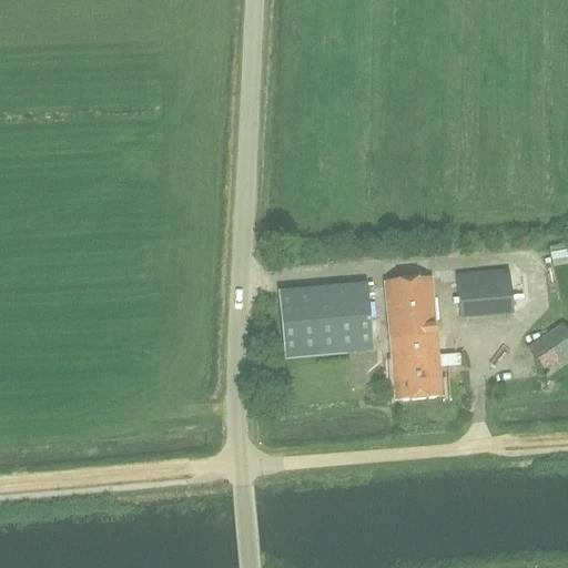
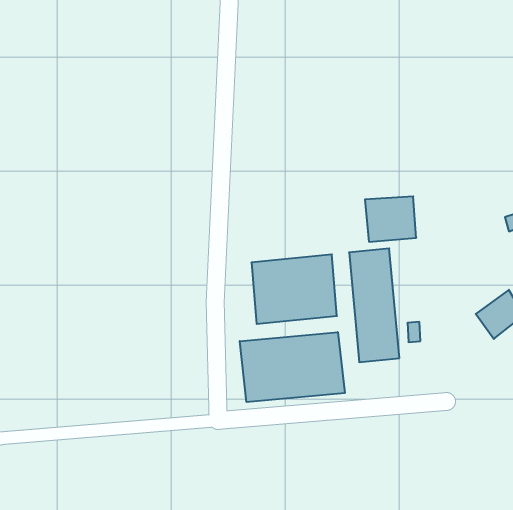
building: [456,266,513,316] -> [365,196,416,242]
building: none -> [240,332,345,402]

